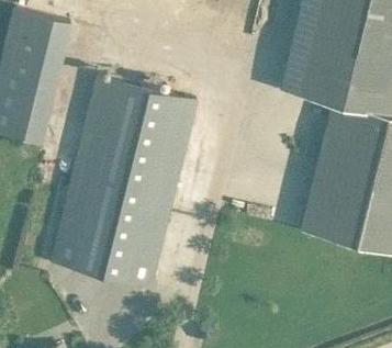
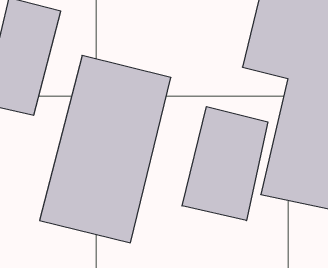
building: none -> [182,107,268,221]

